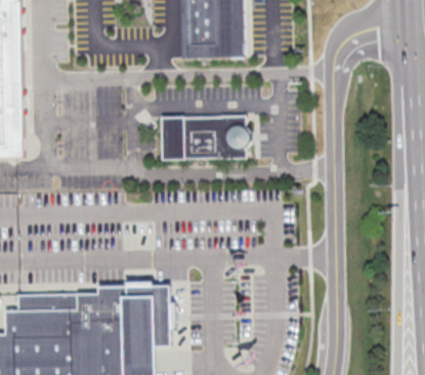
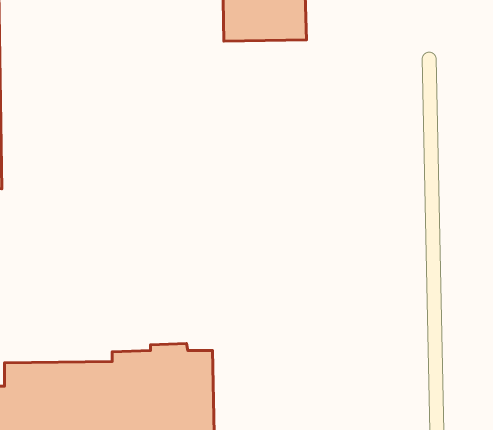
building: [156,117,244,163] -> none

